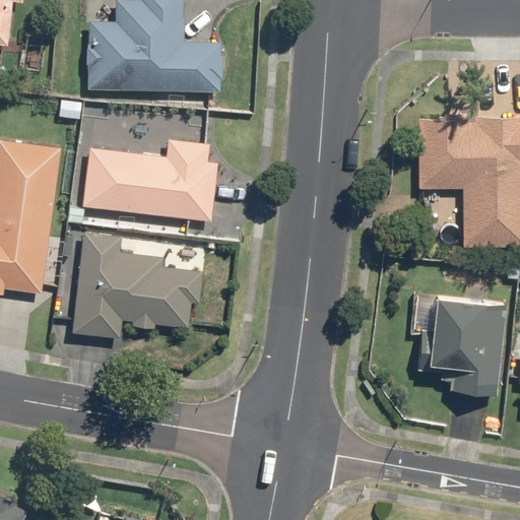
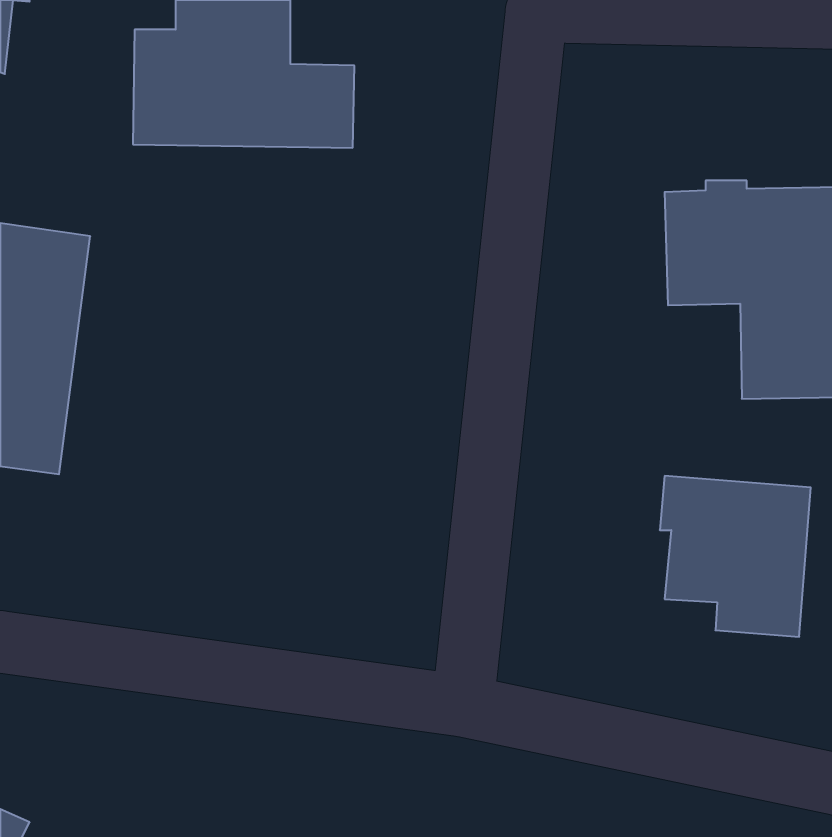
building: [81,138,216,221] -> none
building: [71,232,203,339] -> none

